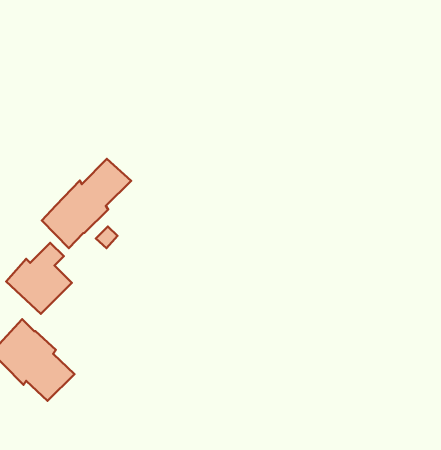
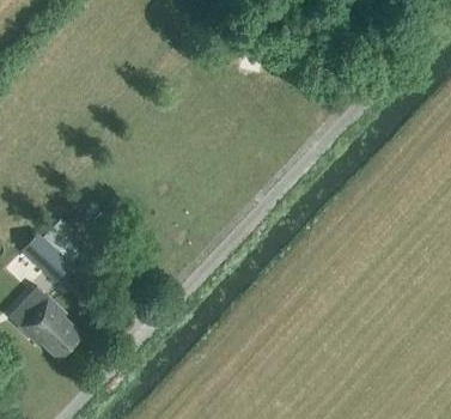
building: [42,159,131,248] -> none

